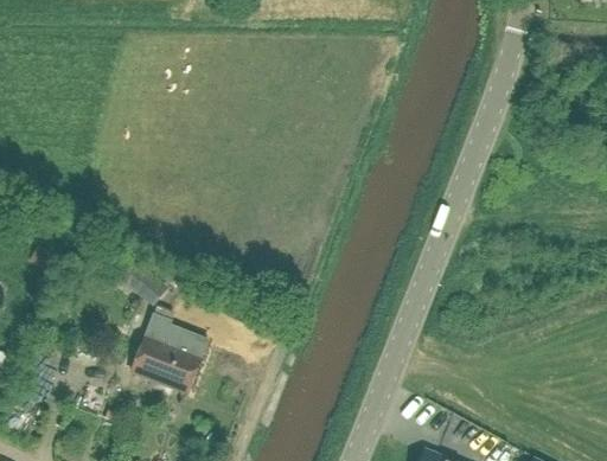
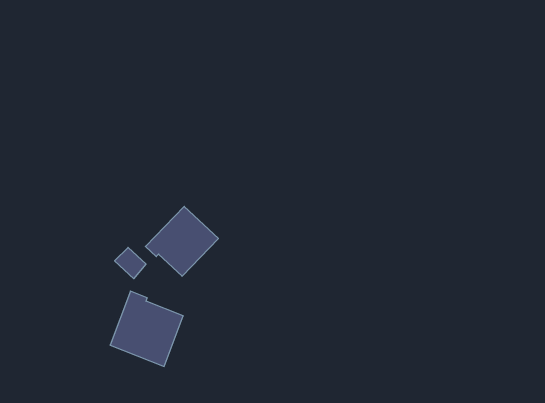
building: none -> [145,206,218,276]

